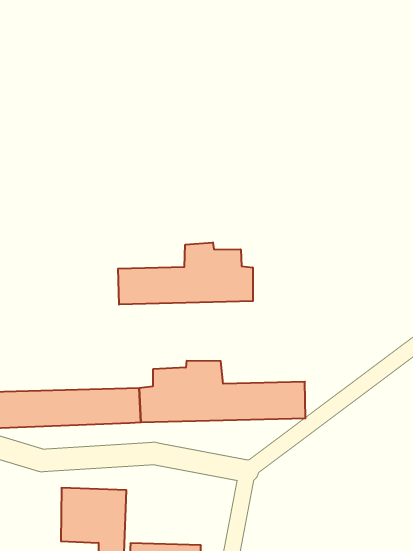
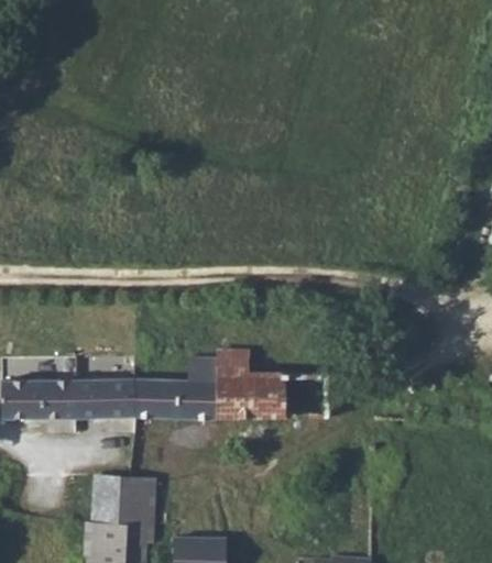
building: [118,242,253,305] -> none

